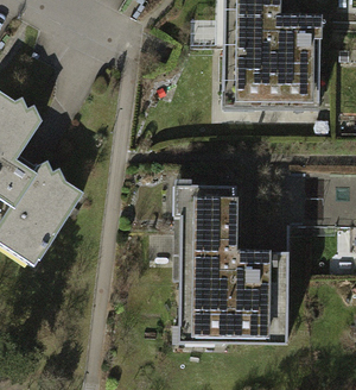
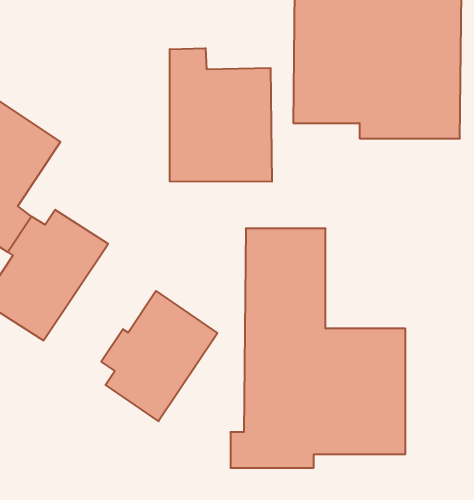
building: none -> [170,48,272,182]
building: none -> [101,291,217,421]

